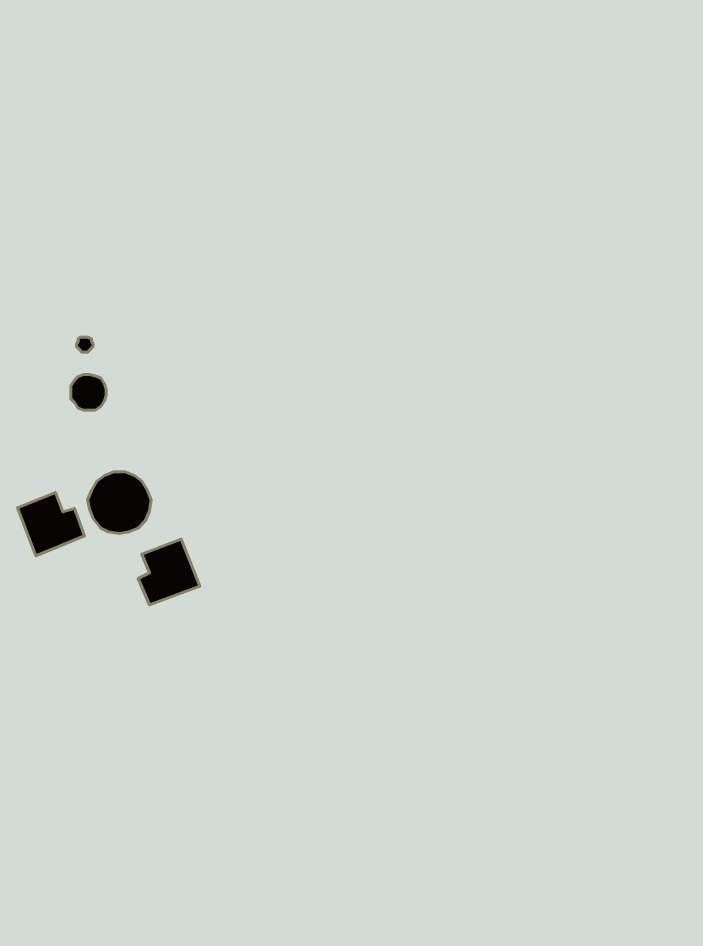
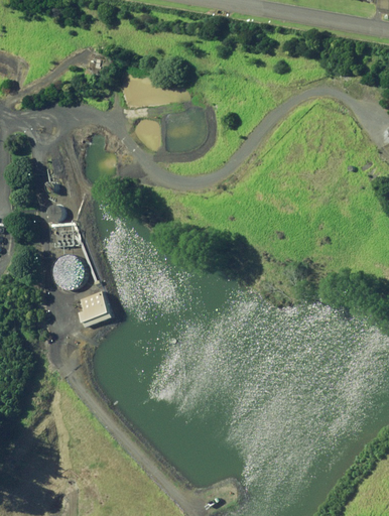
building: [18,493,84,556] -> none

